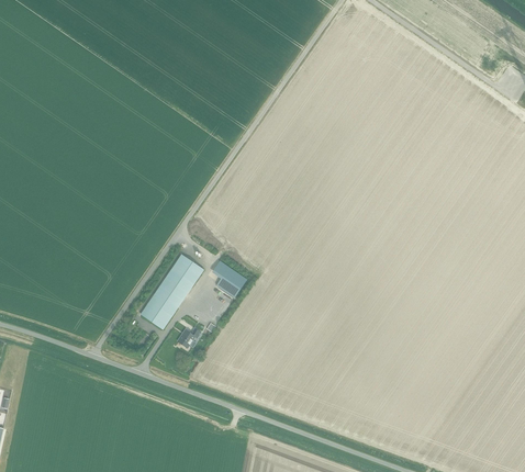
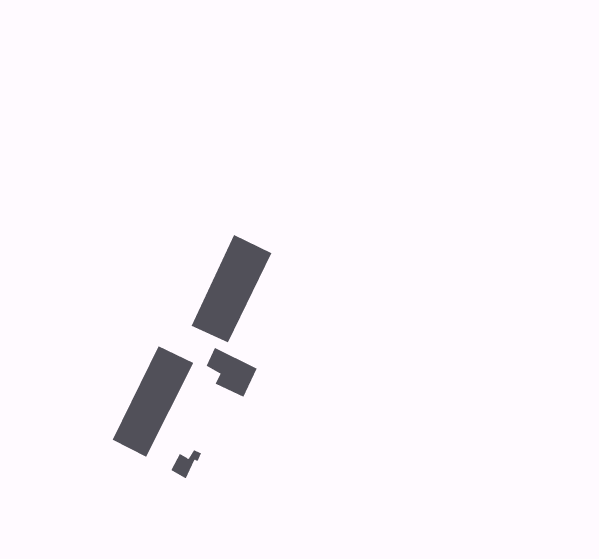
building: none -> [191,234,272,343]

